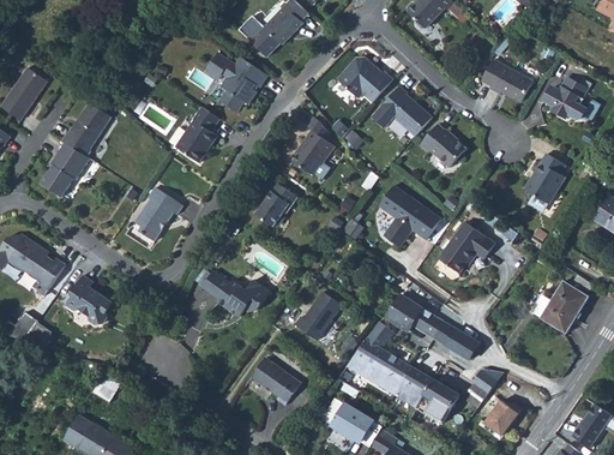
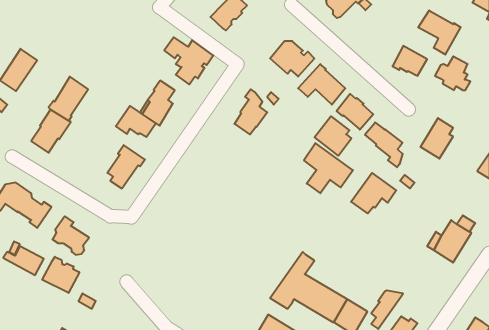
building: [236,14,278,56] -> none
building: none -> [418,10,461,55]
building: none -> [116,106,156,137]
building: none -> [315,116,351,156]
building: none -> [365,122,403,167]
building: [255,182,296,227] -> none
building: [201,271,269,317] -> none
building: [294,292,341,341] -> none
building: [386,294,478,360] -> none
building: none -> [42,257,79,293]
building: [251,357,300,405] -> none

